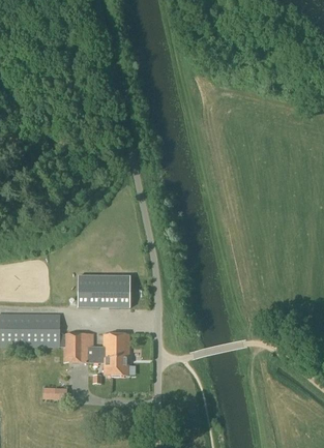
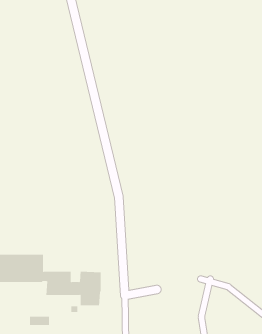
building: [78,274,130,306] -> none

